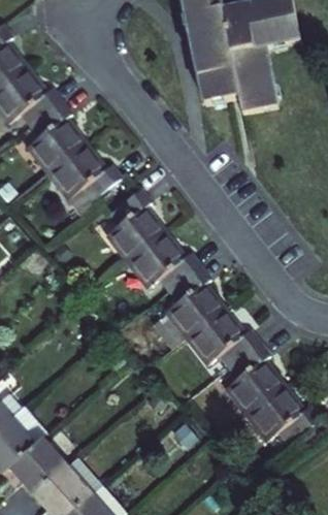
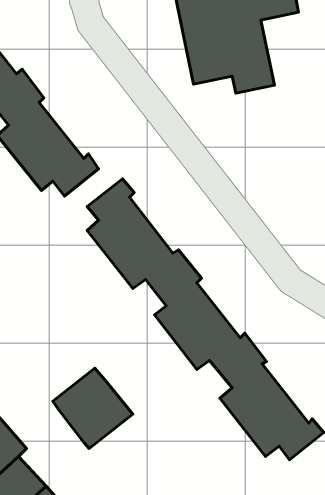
building: none -> [53,368,133,448]

